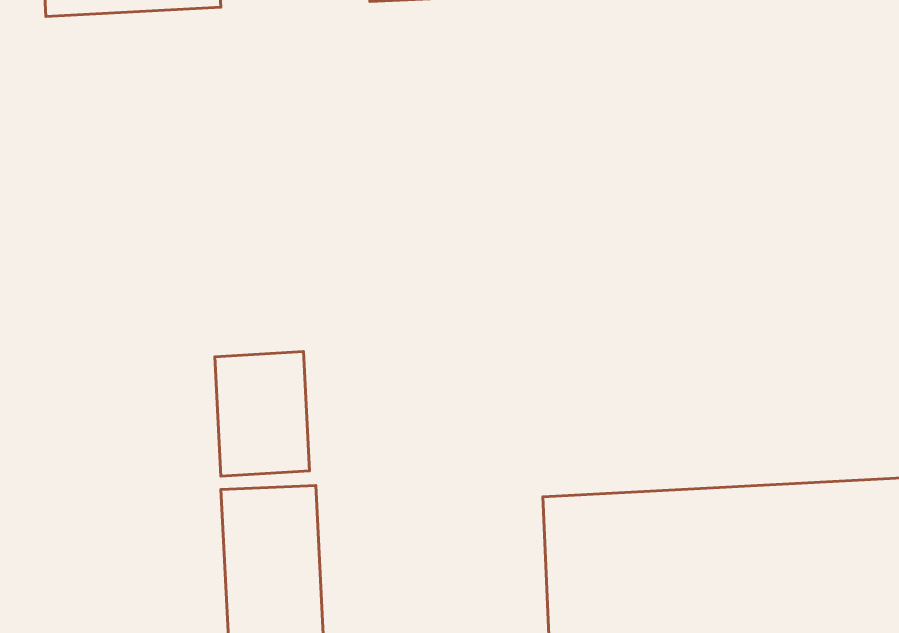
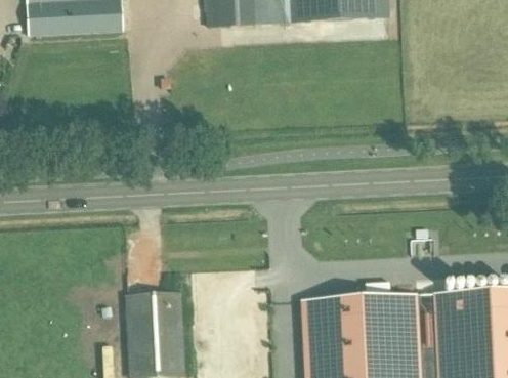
building: [215,352,309,476] -> none

